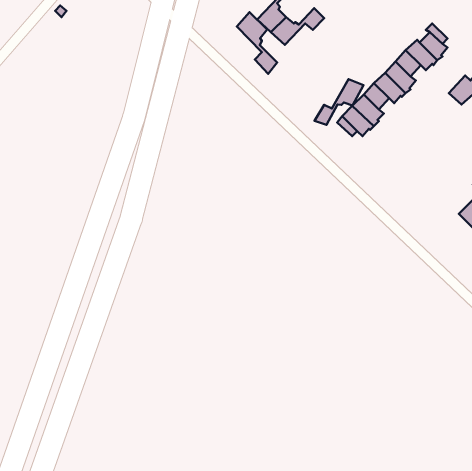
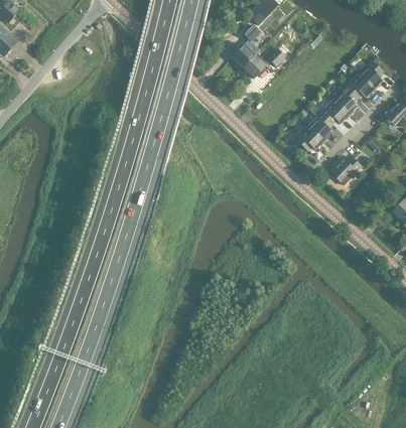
building: [237,12,277,74] -> none
building: [315,79,364,125] -> none
building: none -> [330,158,362,182]

